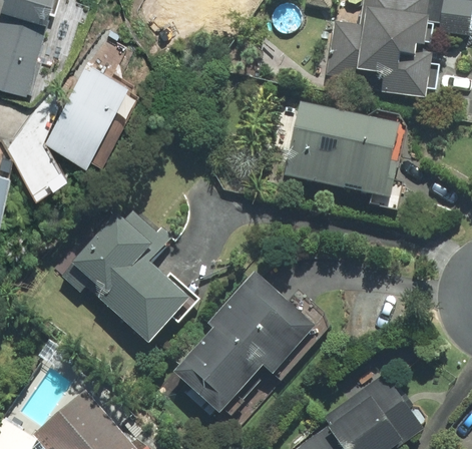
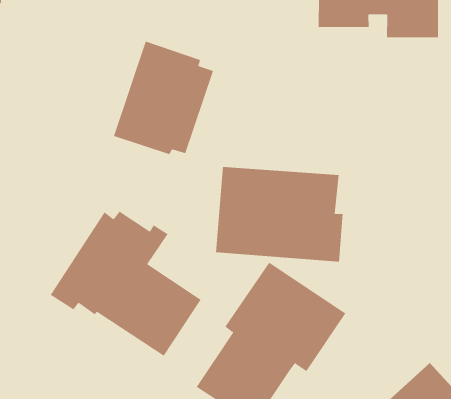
building: [47,55,142,158] -> [113,41,214,155]
building: [285,102,402,199] -> [215,167,343,262]

